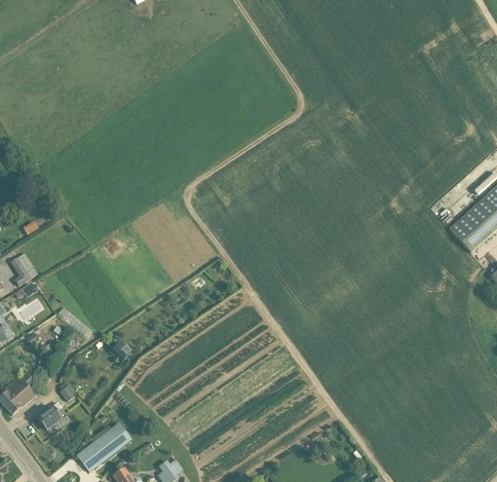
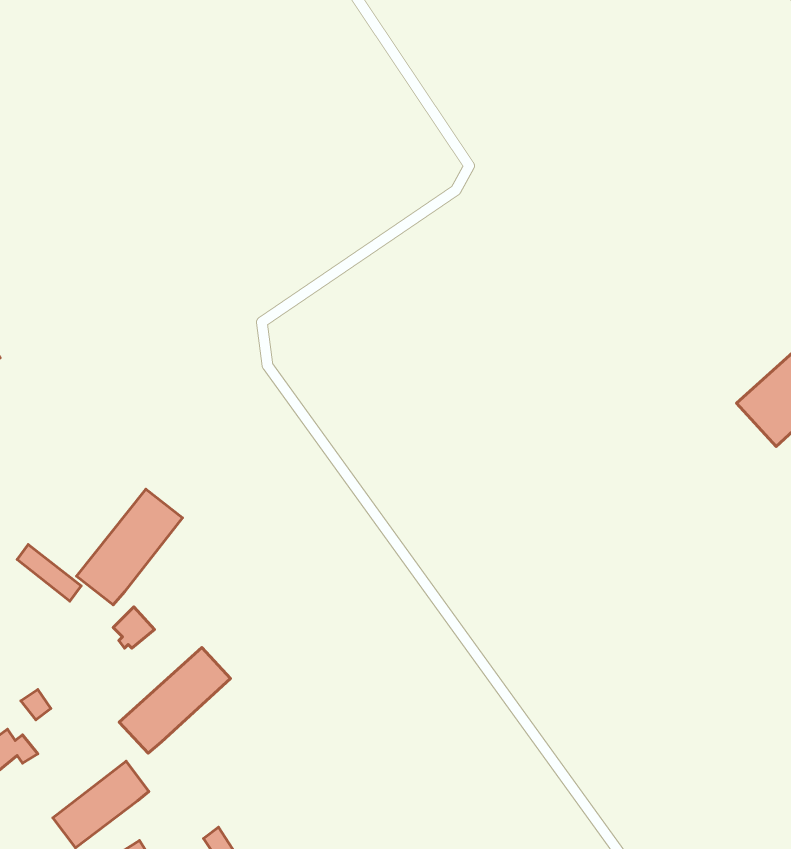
building: none -> [77,489,183,605]
building: none -> [119,648,230,753]

